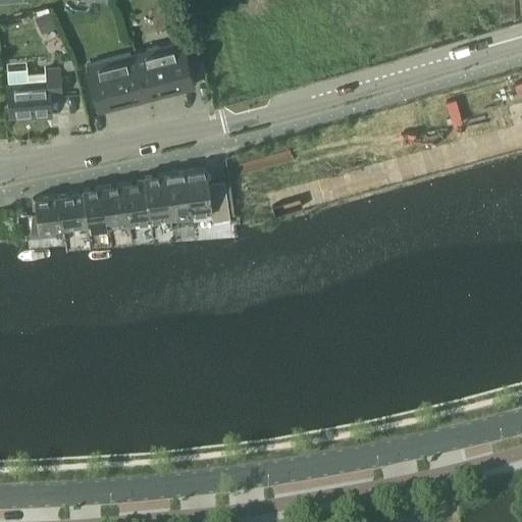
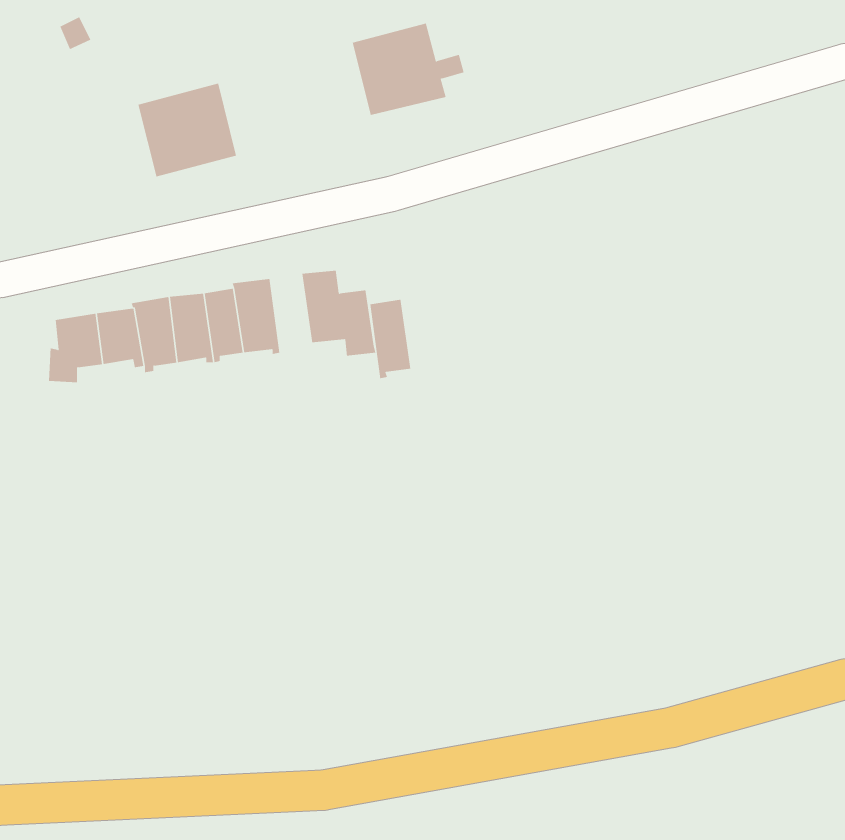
building: [135,43,204,100] -> [352,23,465,116]
building: [8,69,61,118] -> none
building: [166,172,192,221] -> [370,299,411,379]

